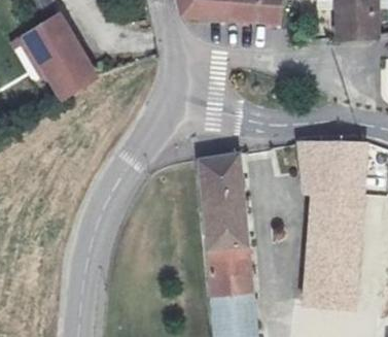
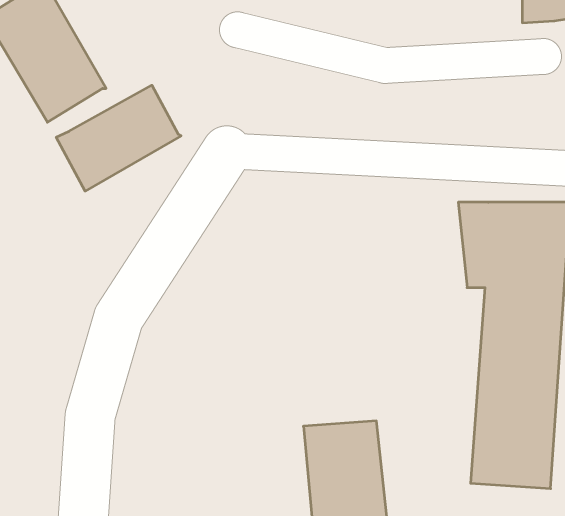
building: none -> [56,85,181,191]
building: [199,153,251,272] -> none

